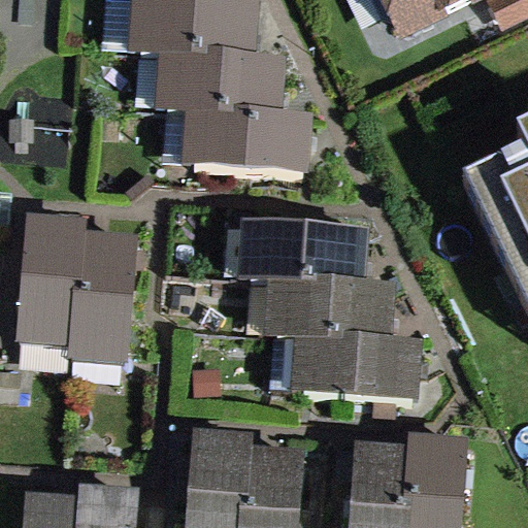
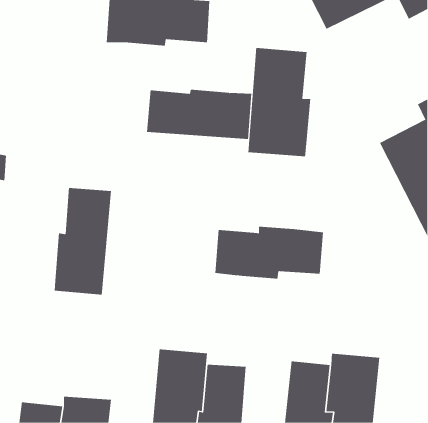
building: [152,48,287,114] -> none
building: none -> [248,47,311,157]
building: [15,213,86,344] -> none
building: [236,221,365,286] -> none
building: [288,333,425,399] -> none

